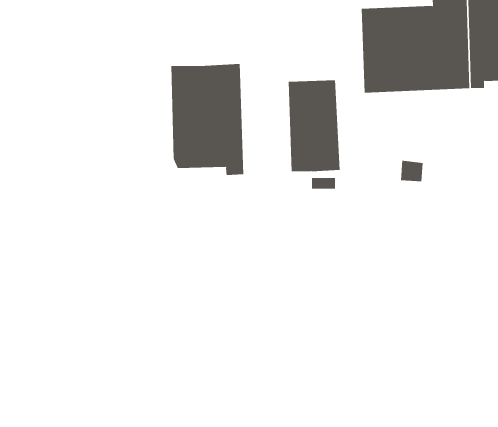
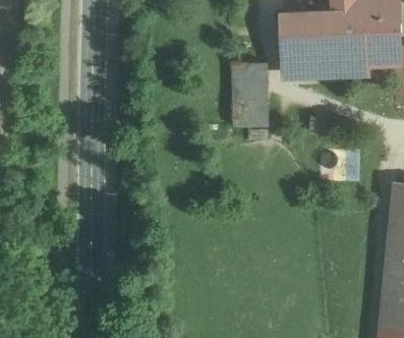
building: [171,63,244,176] -> none

